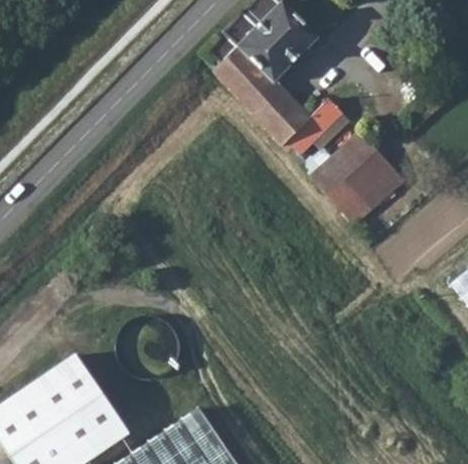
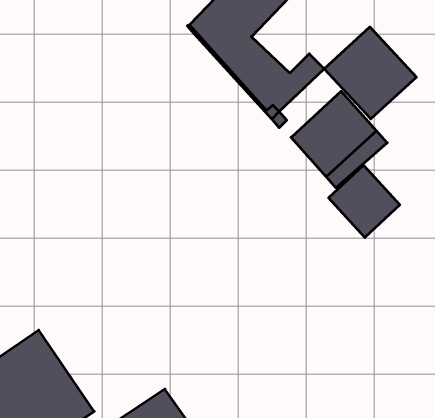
building: none -> [324,27,416,119]
building: none -> [329,165,400,238]

